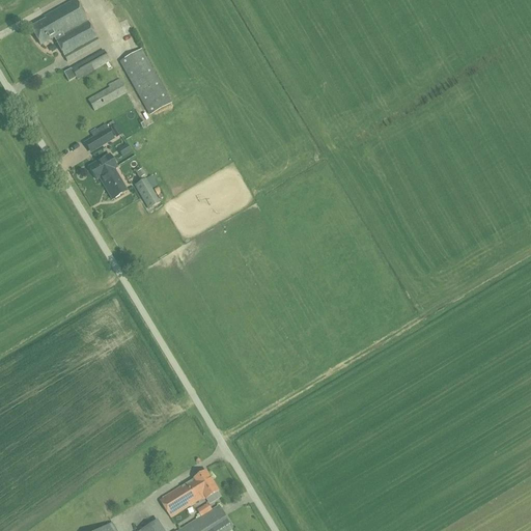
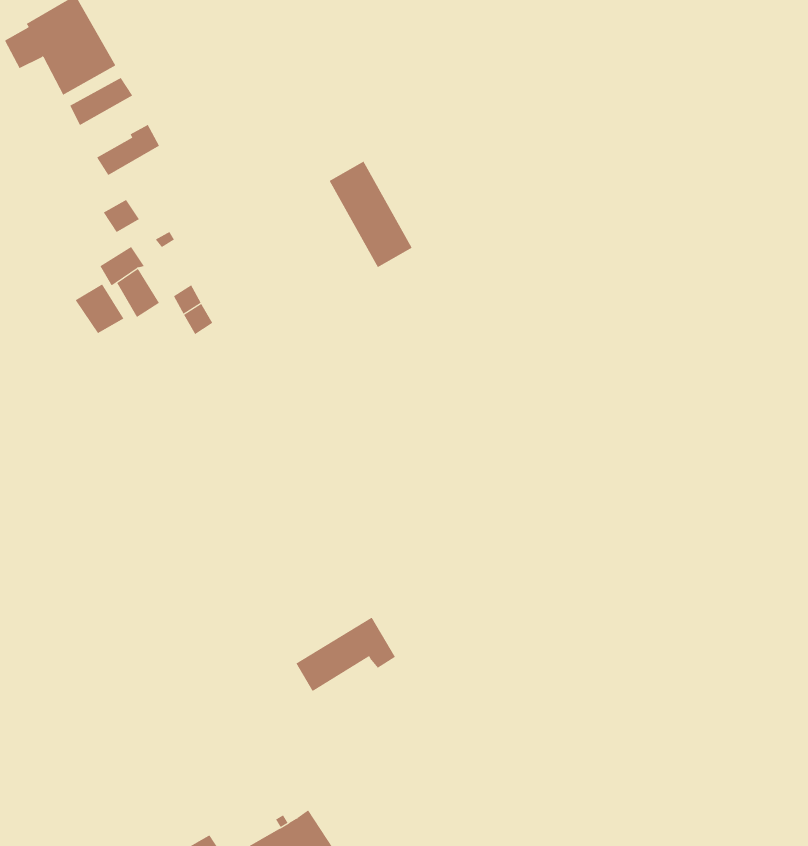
building: [119,48,171,114] -> [329,161,412,268]
building: none -> [75,283,124,334]
building: [160,470,222,516] -> [295,617,396,692]

